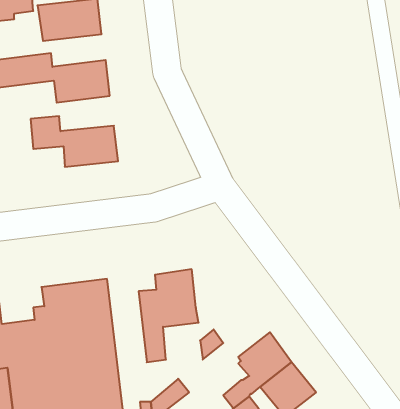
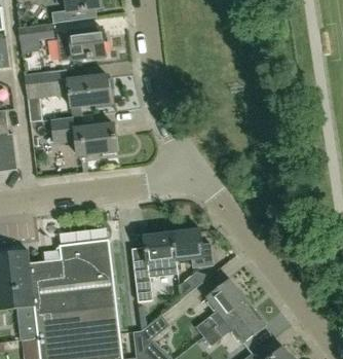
building: none -> [172,228,213,266]

